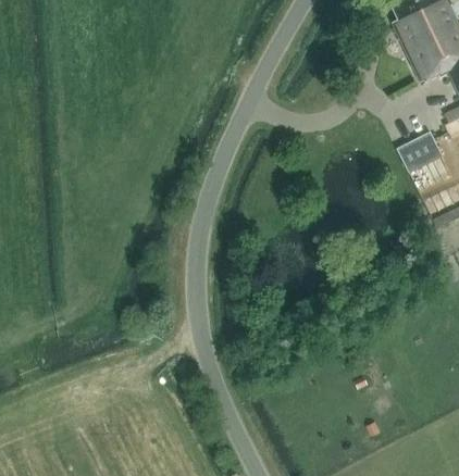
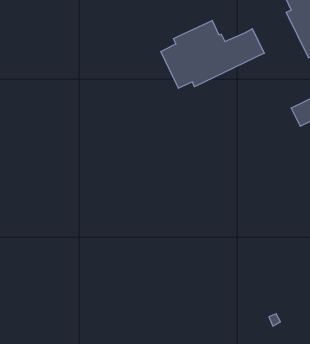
building: none -> [161,20,264,88]

